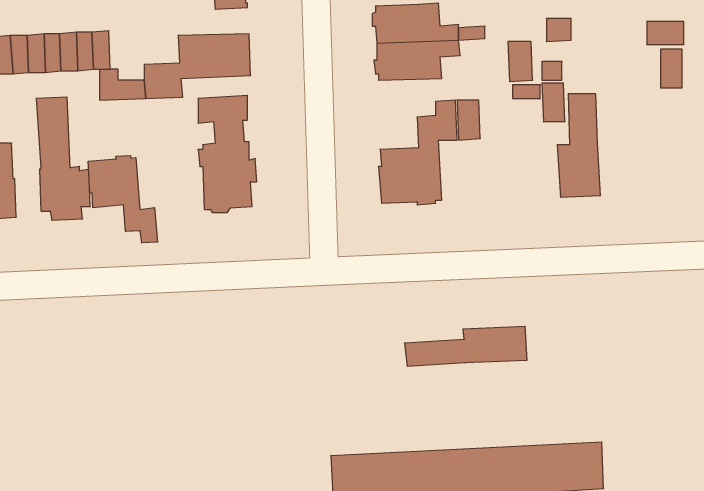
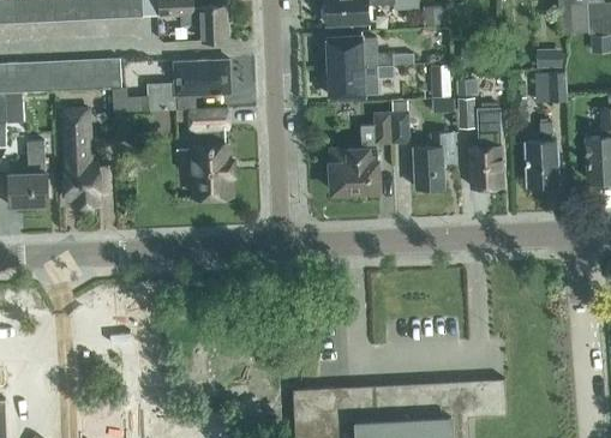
building: none -> [525,124,557,186]
building: none -> [412,133,454,191]
building: [88,156,158,243] -> none
building: [405,326,527,366] -> none

